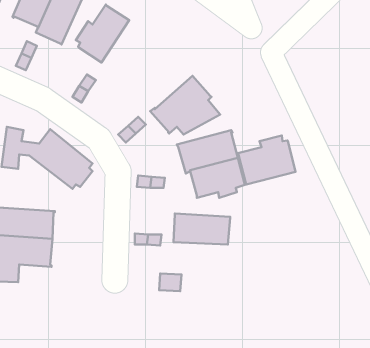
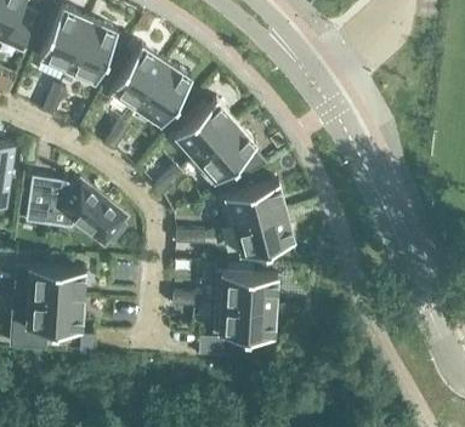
building: none -> [137,63,193,126]
building: none -> [176,101,237,160]
building: [238,136,296,184] -> none
building: none -> [214,306,276,346]

